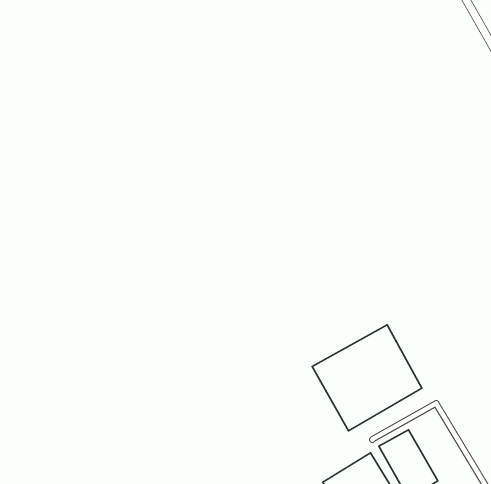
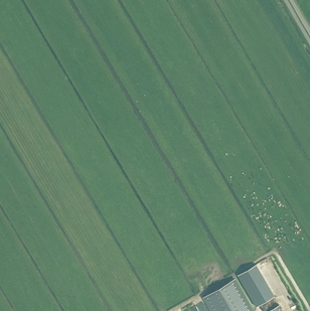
building: [312,325,422,431] -> none

